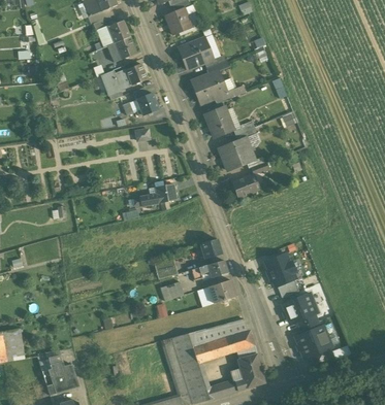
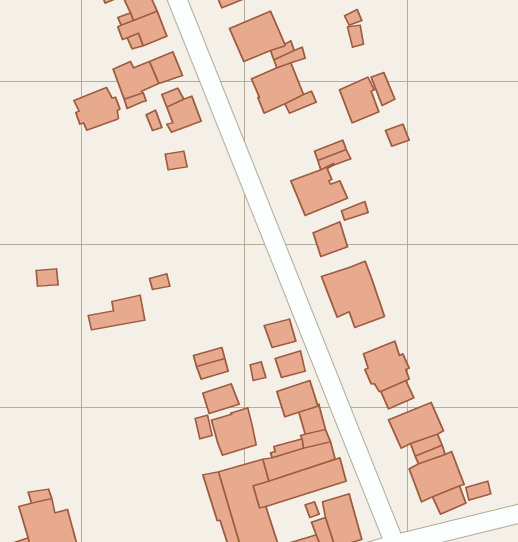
building: none -> [74,88,120,130]
building: [205,107,231,137] -> [340,77,379,123]
building: [139,183,177,206] -> [88,295,145,330]
building: none -> [322,261,385,327]
building: none -> [212,408,256,455]

